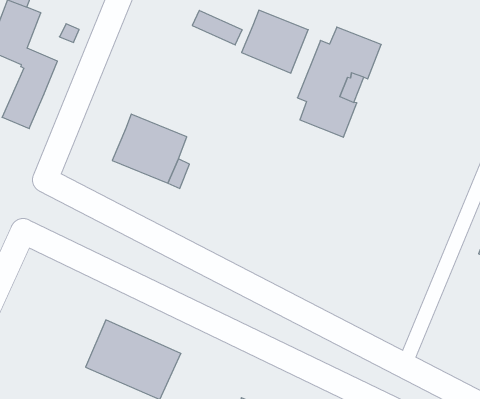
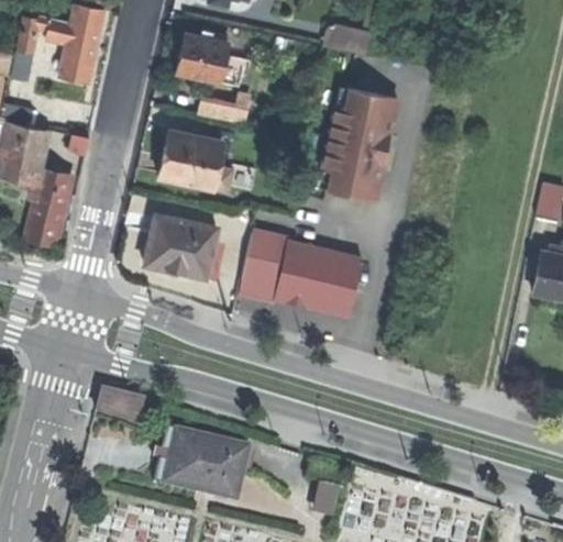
building: [242,10,308,73] -> [159,130,223,188]
building: none -> [240,231,362,317]
building: none -> [97,389,144,422]

